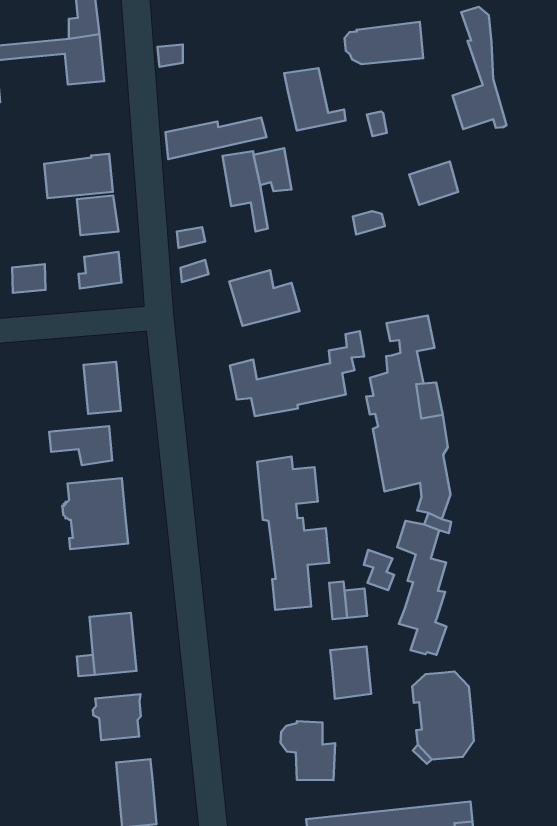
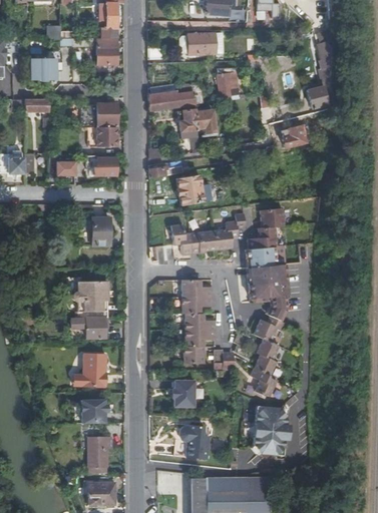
building: [345,22,423,64] -> [180,33,223,53]
building: [49,426,112,465] -> [71,318,104,338]
building: [330,647,371,699] -> [174,379,195,406]

